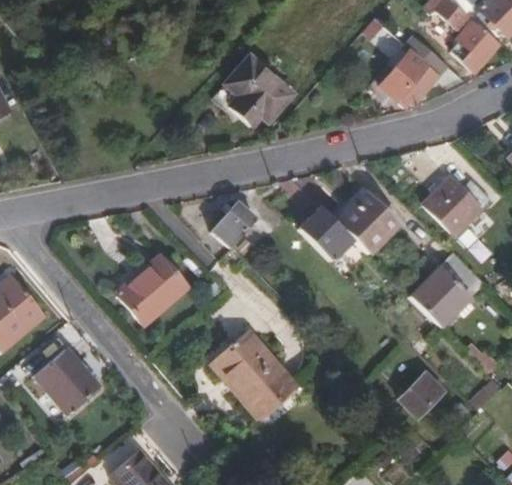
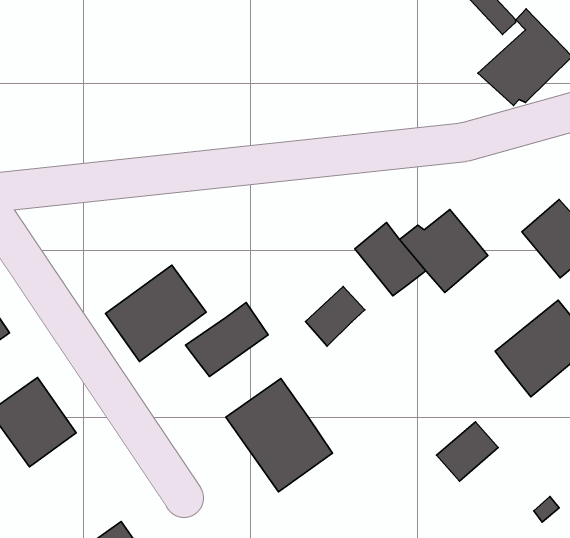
building: [223,54,294,128] -> none
building: [211,202,255,248] -> [305,287,365,346]
building: none -> [186,302,268,376]
building: [399,372,445,418] -> [437,422,498,481]

